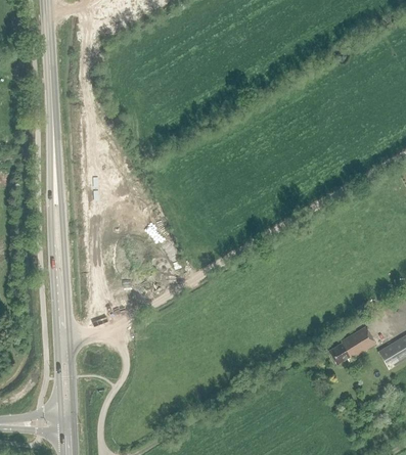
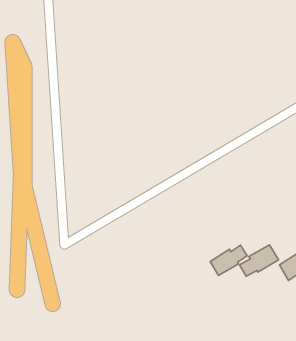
building: none -> [210,245,247,276]

